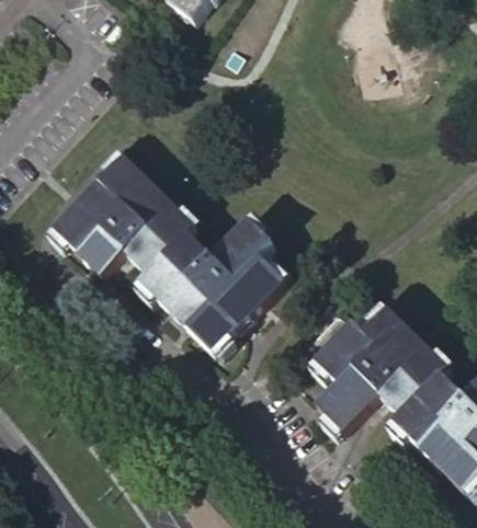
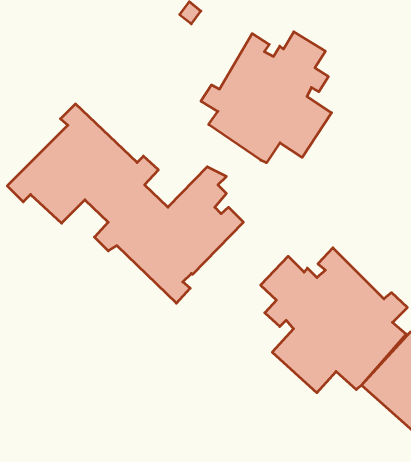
building: none -> [201,32,332,163]

